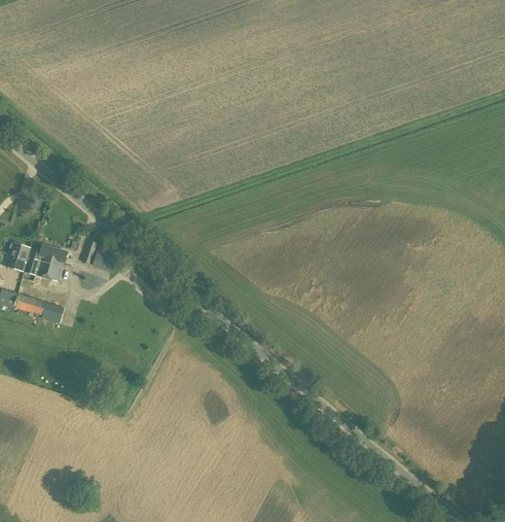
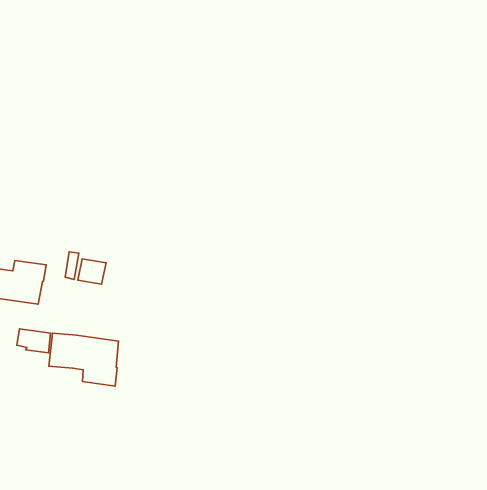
building: none -> [49,333,119,386]

